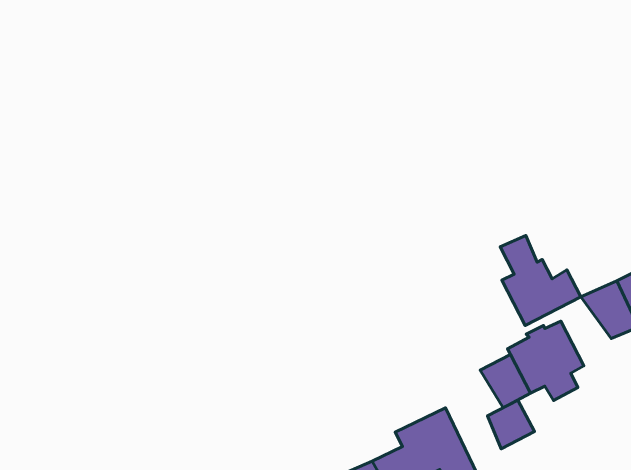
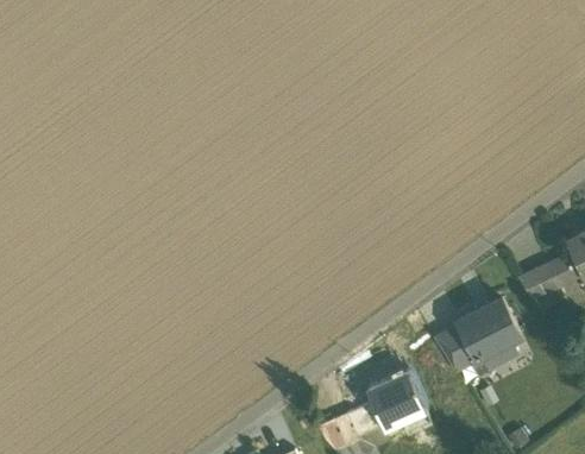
building: [500,236,581,326] -> none
building: [488,400,534,449] -> none

